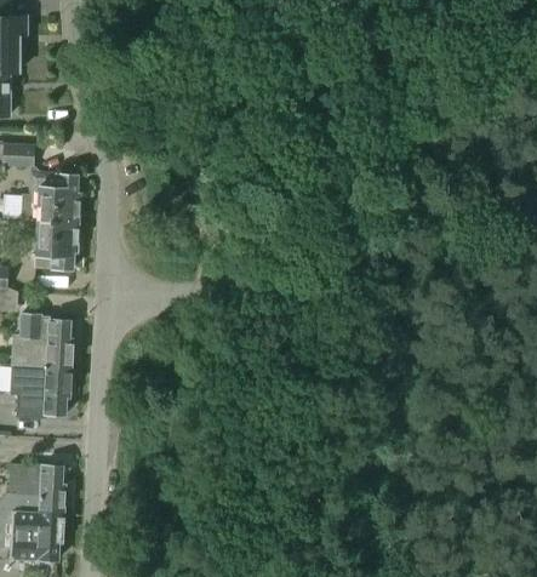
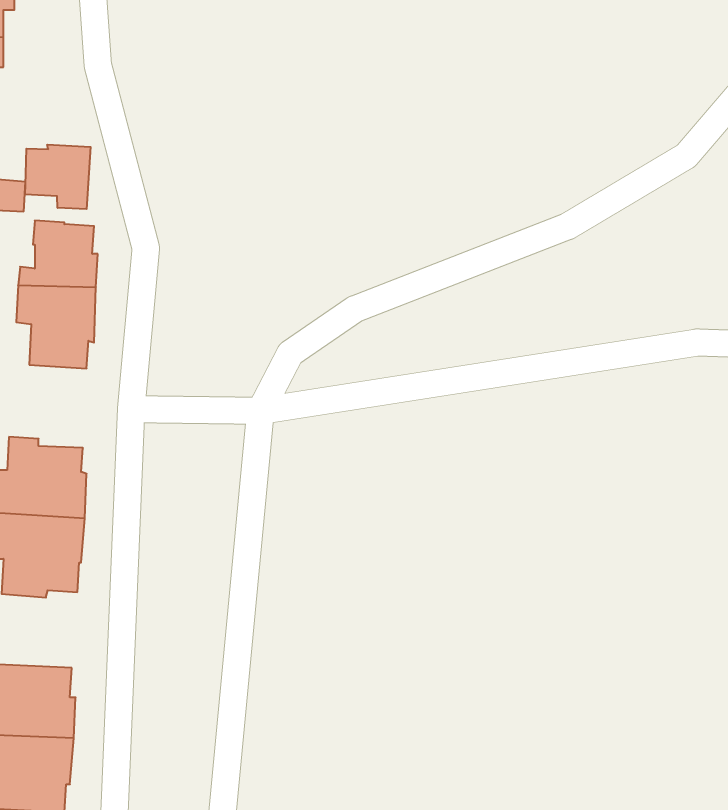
building: none -> [25,145,91,209]

